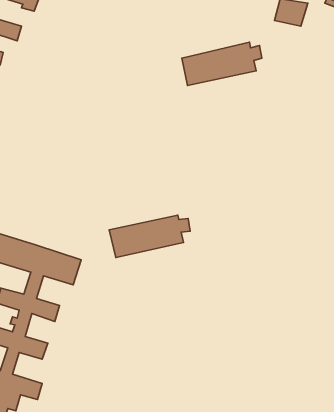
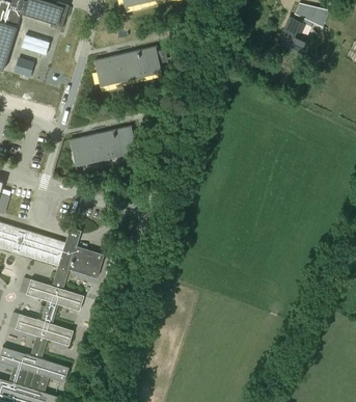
building: [182,42,262,86] -> [93,47,166,86]
building: [109,215,190,257] -> [69,127,142,165]

